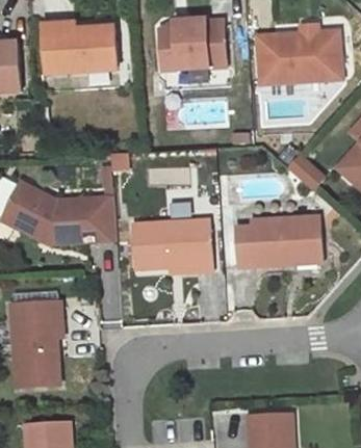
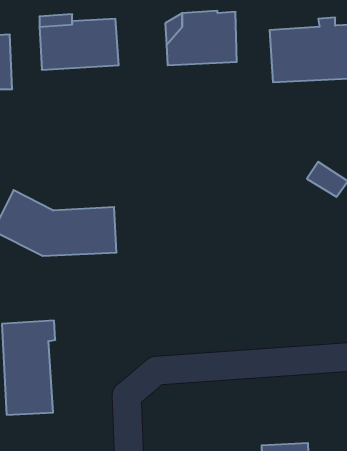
building: [236,216,321,266] -> none
building: [133,219,211,271] -> none

